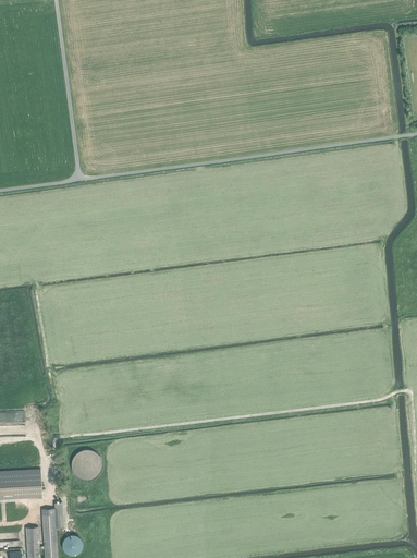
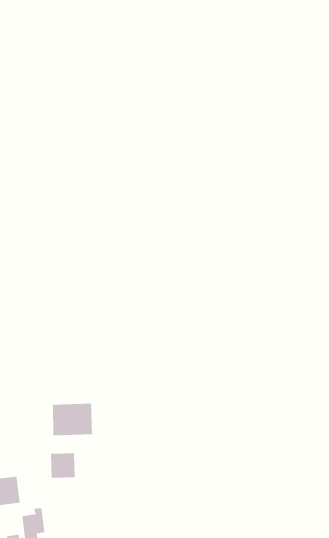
building: none -> [53,403,93,436]

